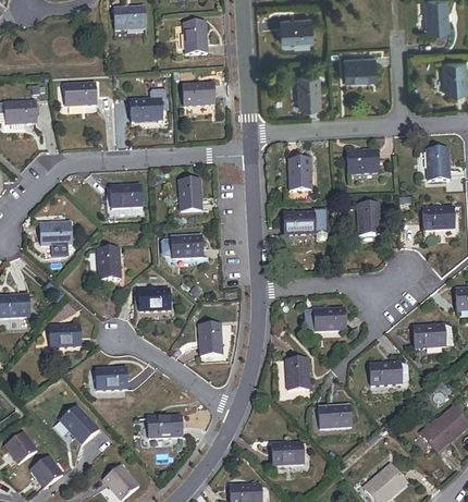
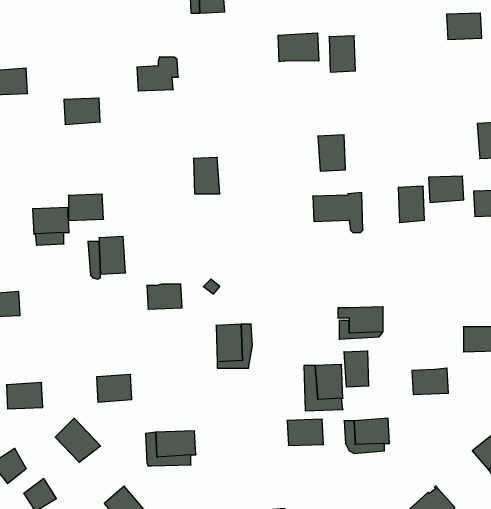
building: [345,54,375,77] -> [447,13,482,39]
building: none -> [278,33,319,62]
building: [64,82,96,105] -> [64,98,100,124]
building: [183,82,214,105] -> none
building: [347,149,378,172] -> [429,176,464,202]
building: [111,183,141,206] -> [68,194,104,221]
building: [162,234,202,257] -> none
building: [49,323,81,346] -> [6,382,43,409]
building: none -> [344,351,369,387]
building: [272,441,304,464] -> [287,419,324,446]

